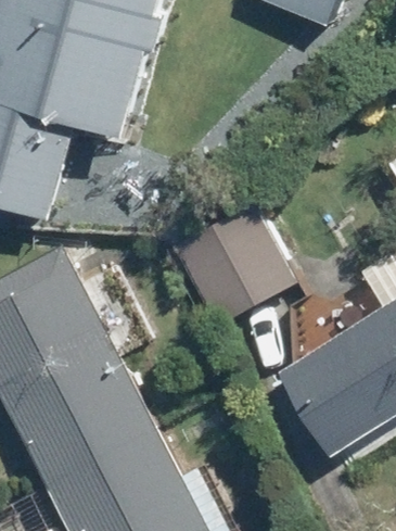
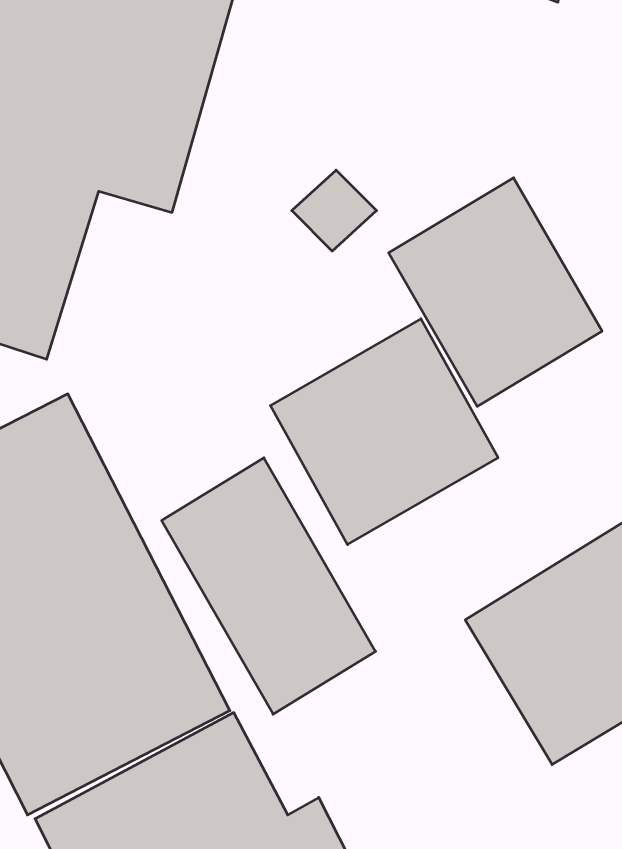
building: none -> [389,178,602,406]
building: none -> [162,458,376,714]

